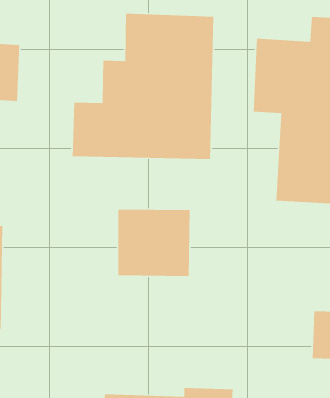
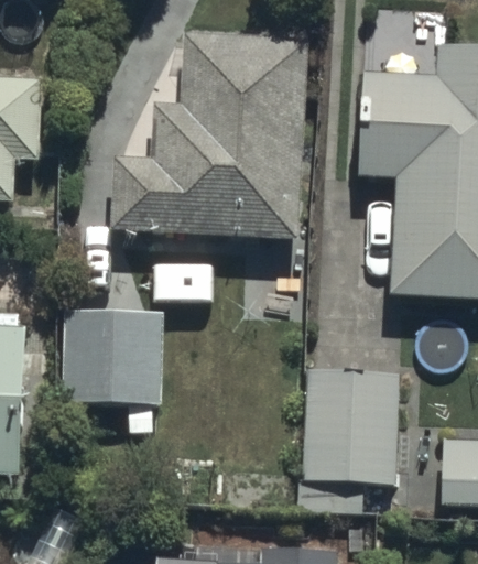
building: [118,209,190,277] -> [63,310,162,402]
building: none -> [300,370,402,514]

